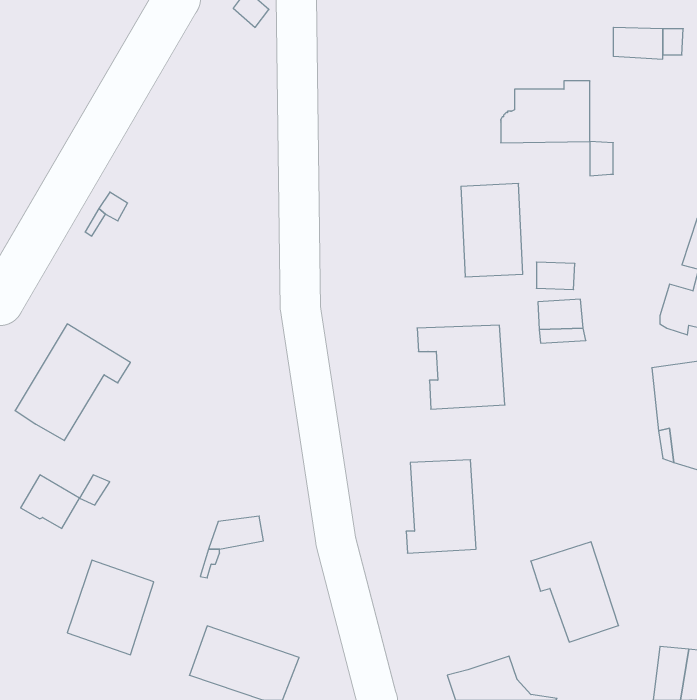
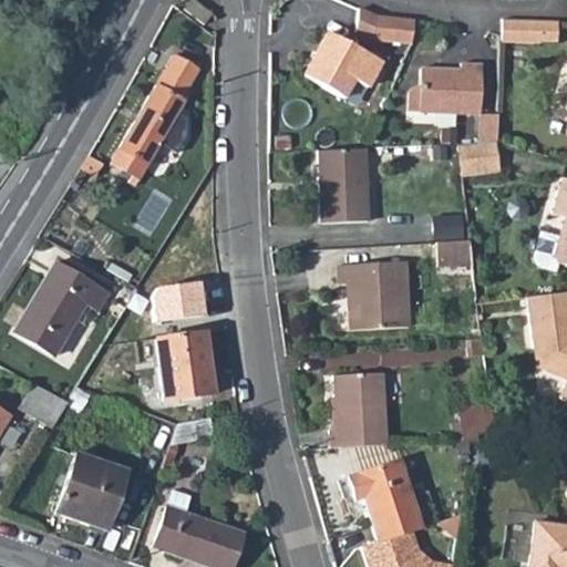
building: none -> [360,10,416,42]
building: none -> [307,32,383,96]
building: none -> [114,54,200,183]
building: none -> [457,141,501,175]
building: [461,184,523,277] -> [320,148,370,224]
building: none -> [155,280,210,321]
building: none -> [158,333,215,399]
building: [531,542,619,642] -> [350,460,421,540]

